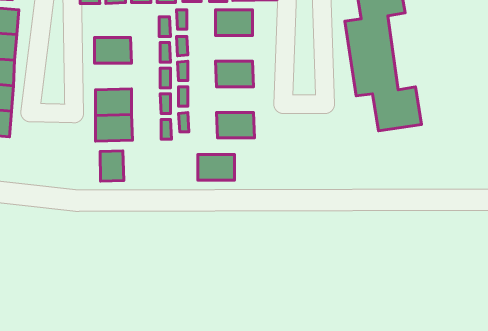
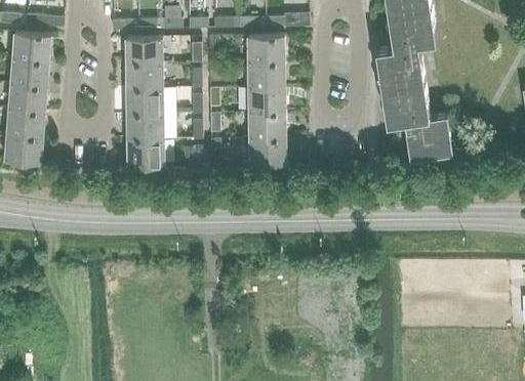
building: none -> [126,37,162,62]
building: none -> [247,60,284,86]
building: none -> [126,88,163,115]
building: [100,151,124,181] -> none
building: [198,154,235,180] -> [248,112,285,137]

